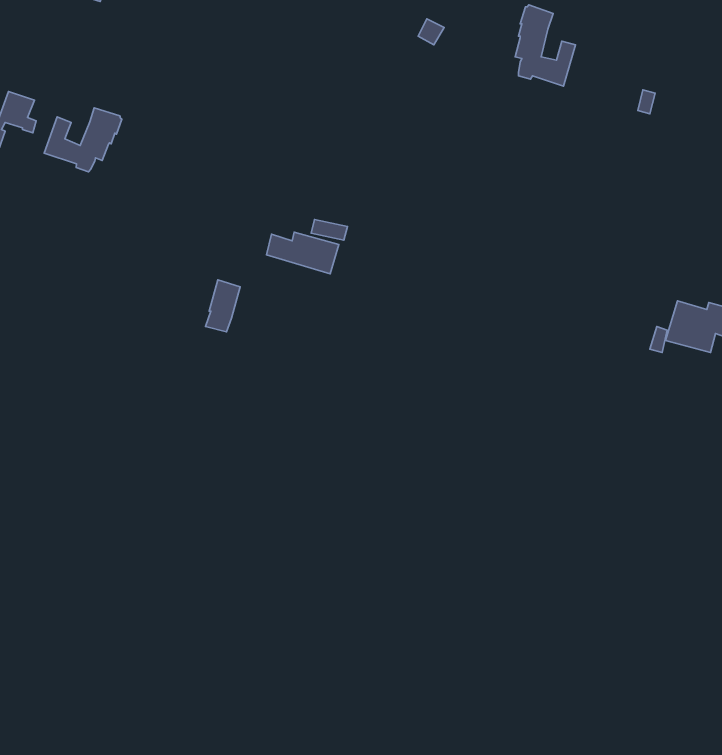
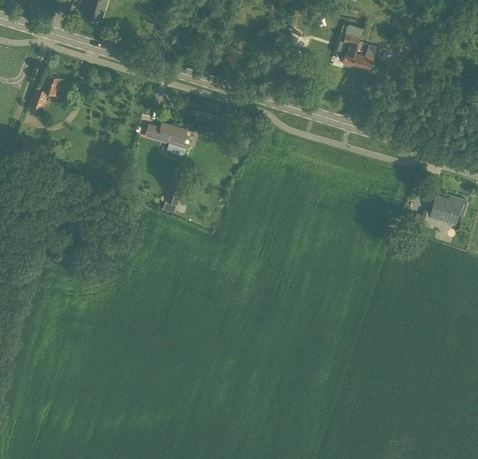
building: [44,108,122,172] -> none
building: [266,232,339,274] -> [146,123,188,147]

